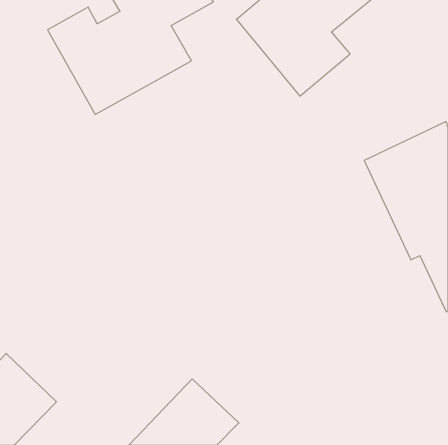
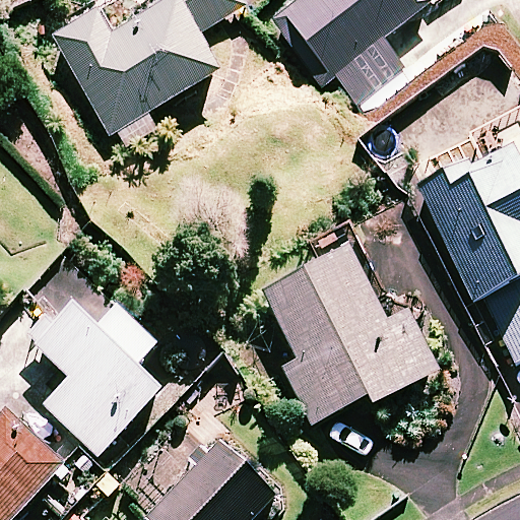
building: none -> [265,247,439,421]
building: none -> [36,302,162,453]

